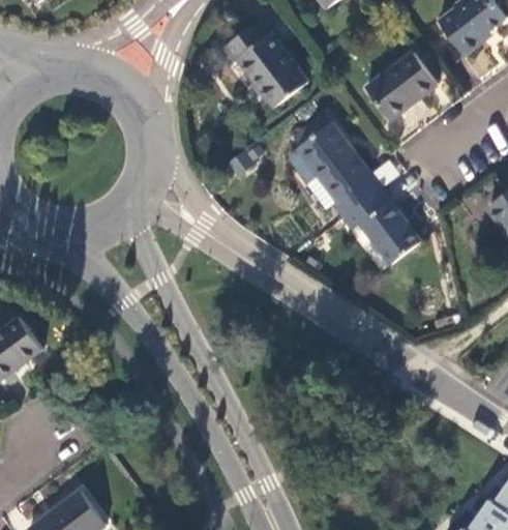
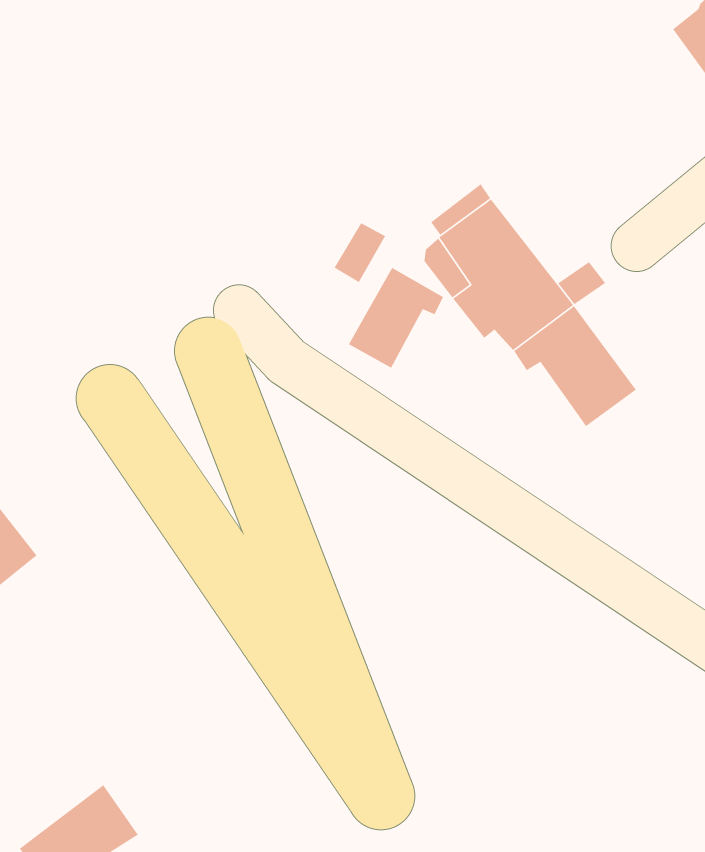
building: [221,22,305,108] -> none
building: [365,55,435,121] -> none
building: none -> [348,267,444,369]

